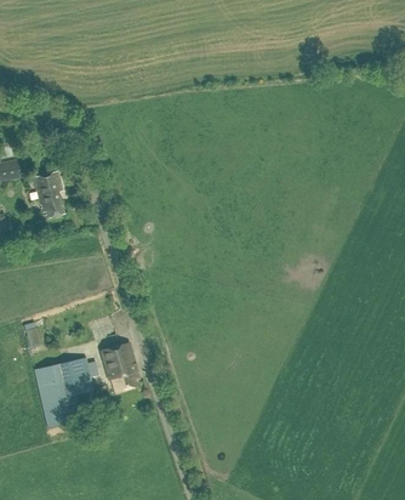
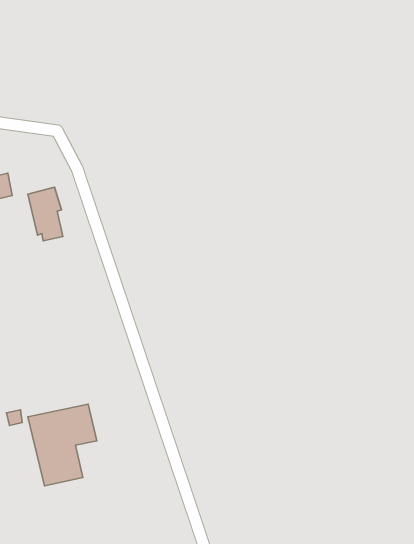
building: [101,341,137,392] -> none

